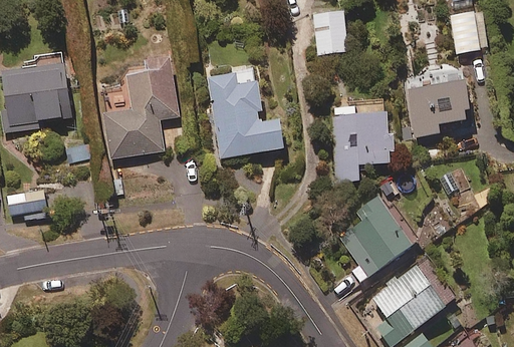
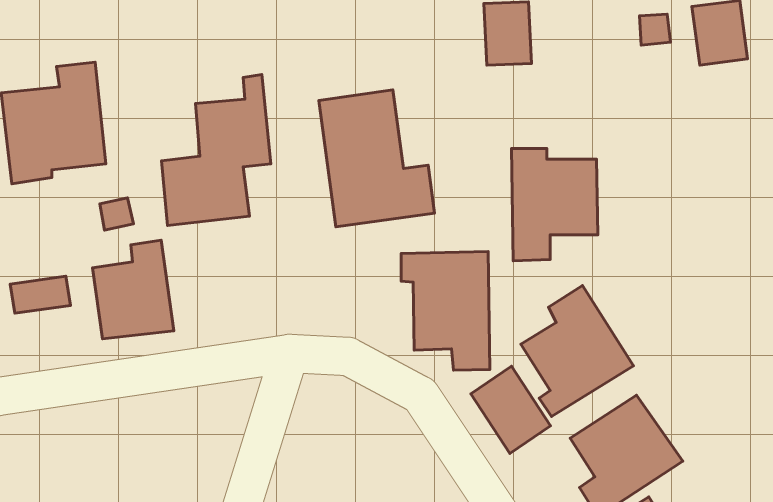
building: [407,69,470,135] -> none
building: none -> [92,240,174,339]
building: none -> [401,251,490,370]
building: none -> [471,366,551,454]

